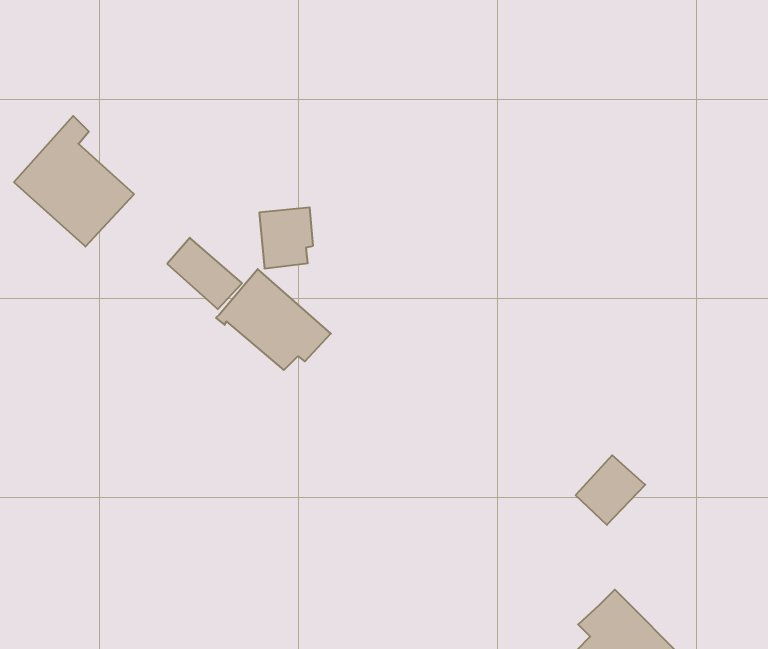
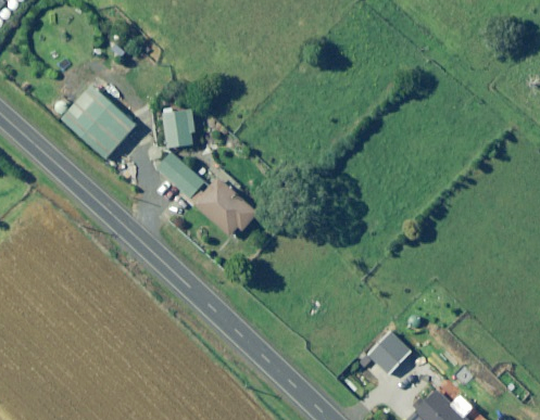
building: [259,207,313,268] -> [163,110,197,148]
building: [576,455,645,525] -> [368,332,412,376]

